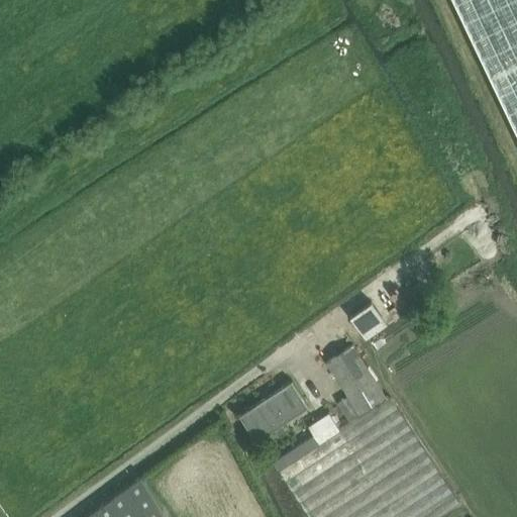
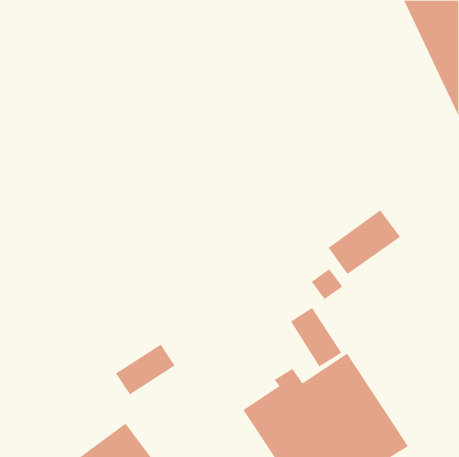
building: none -> [328,209,401,275]
building: [240,385,308,442] -> [115,344,175,395]

